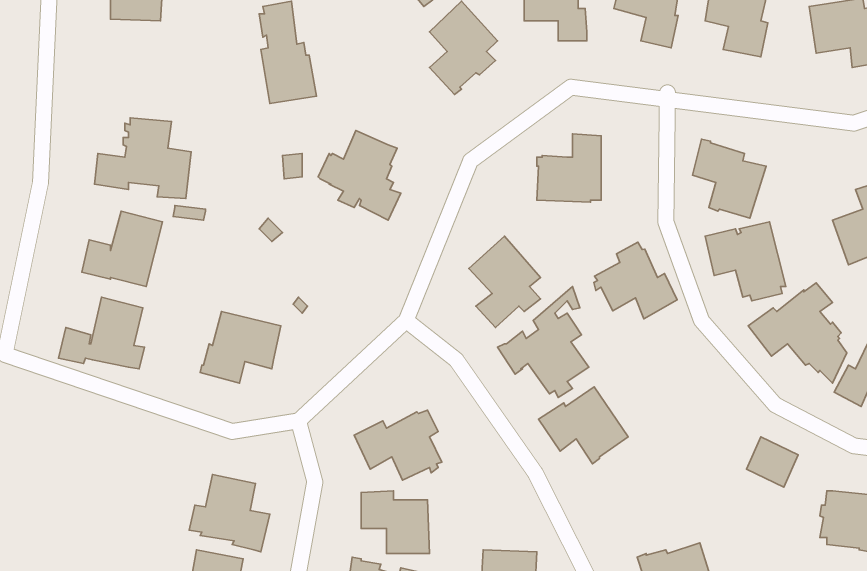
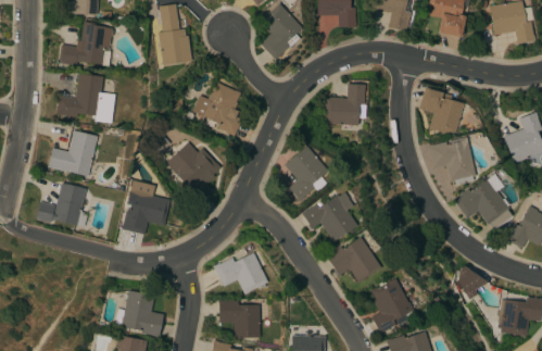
building: none -> [60,22,114,66]
building: none -> [166,142,222,202]
building: [594,242,677,319] -> none
building: none -> [371,278,414,333]

